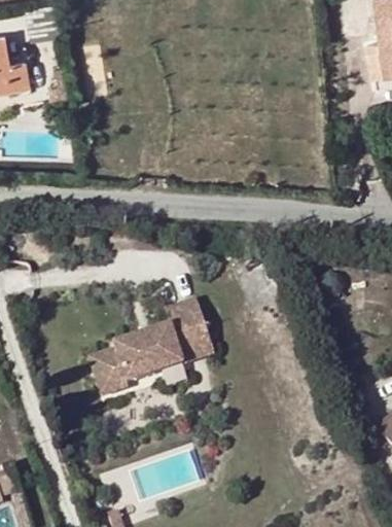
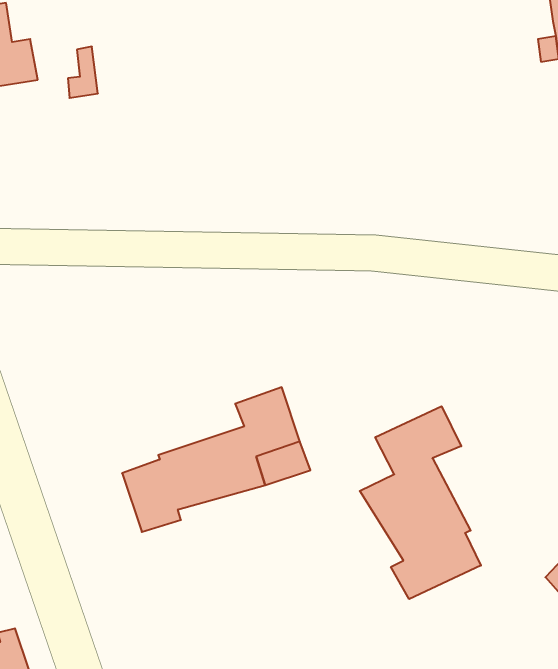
building: none -> [360,406,481,599]

